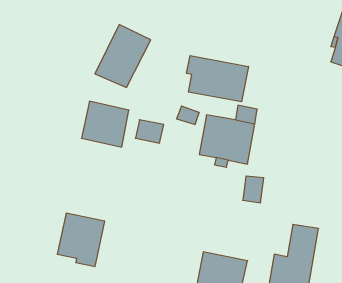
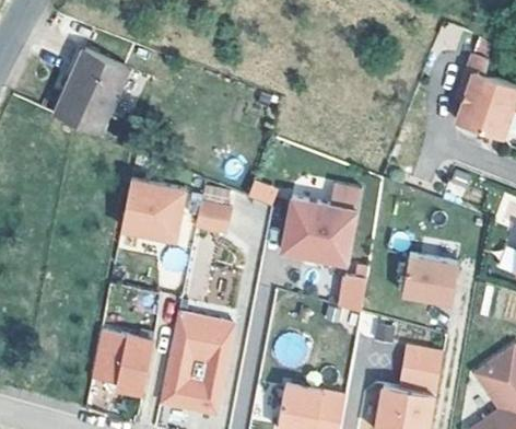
building: [95,25,151,87] -> [57,48,132,134]
building: [187,56,248,102] -> none
building: none -> [401,252,459,302]
building: none -> [159,310,233,410]

